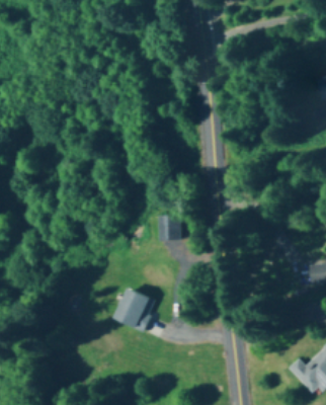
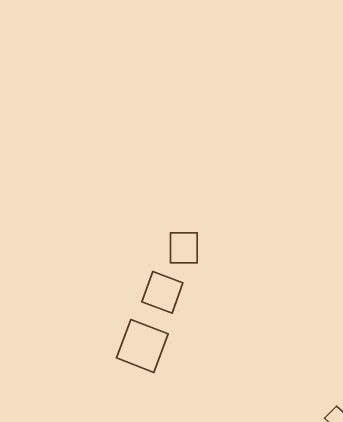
building: none -> [142,272,183,313]

